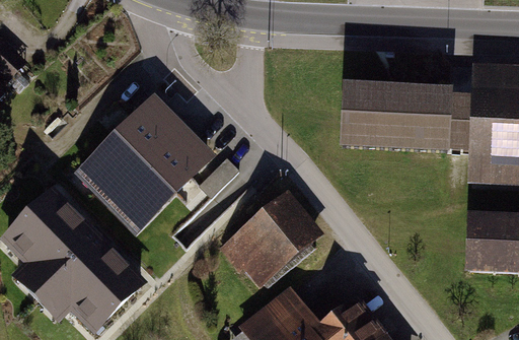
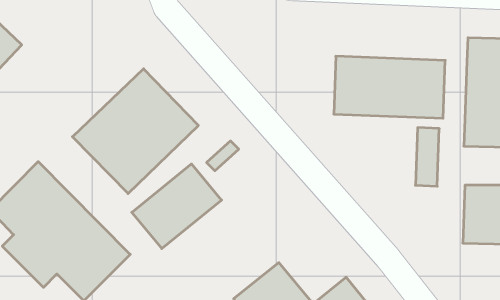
building: [448,91,471,149] -> [415,128,439,186]
building: [227,194,315,277] -> [132,164,222,249]

